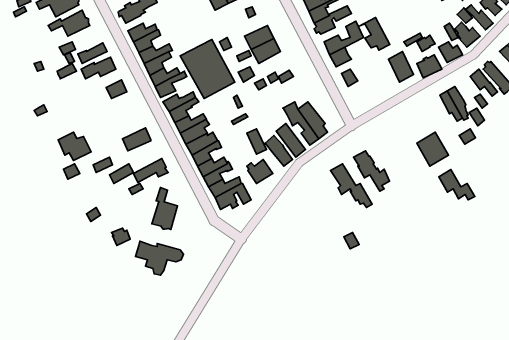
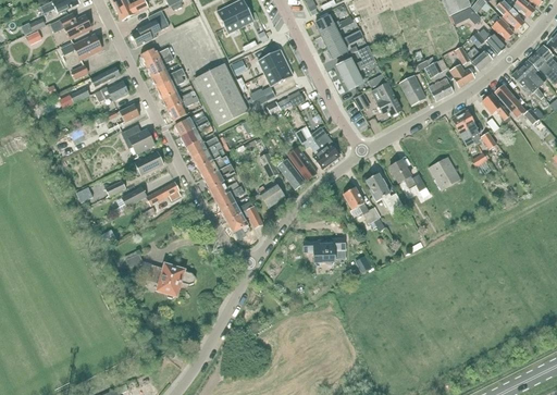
building: [359,17,390,50] -> [371,83,401,115]
building: [58,132,91,160] -> [122,125,154,153]
building: [439,169,475,200] -> [389,160,425,190]
building: [152,188,178,229] -> none
building: none -> [302,237,345,262]

